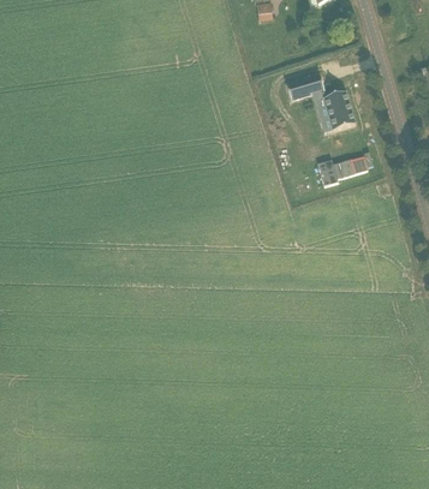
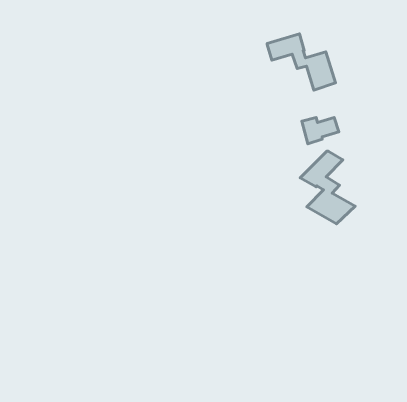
building: none -> [300,151,355,224]

